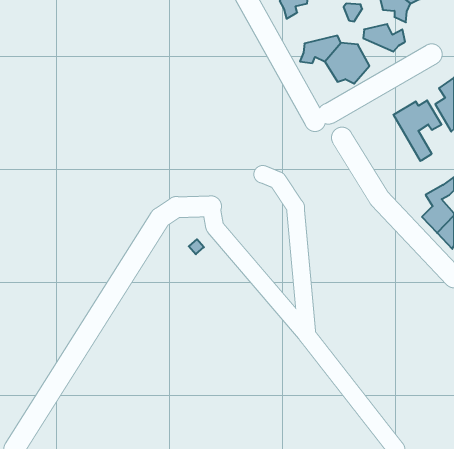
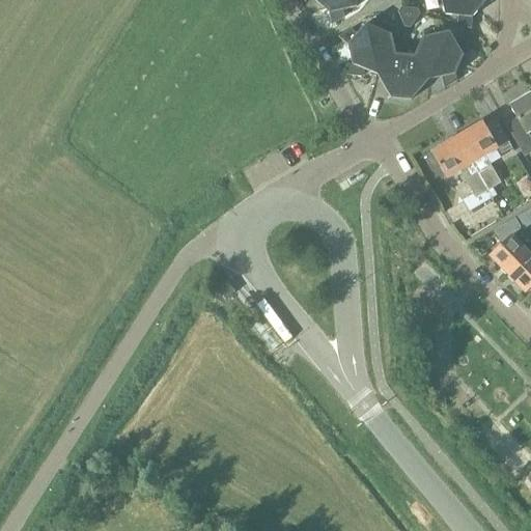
building: none -> [340,21,394,51]
building: none -> [417,45,458,86]
building: none -> [434,134,496,209]

